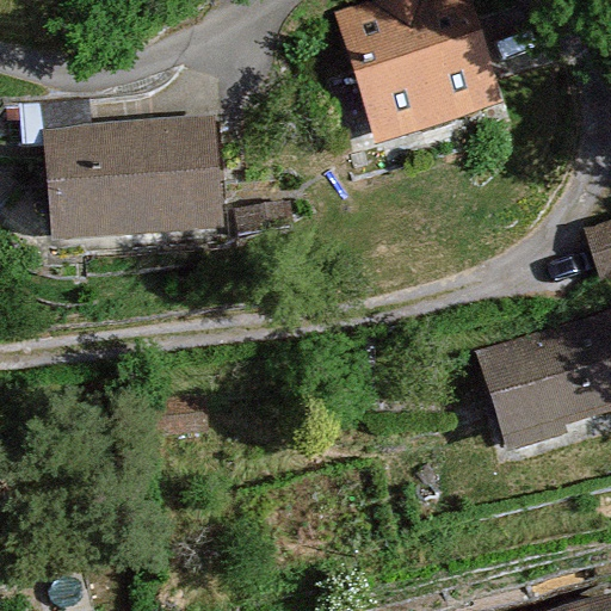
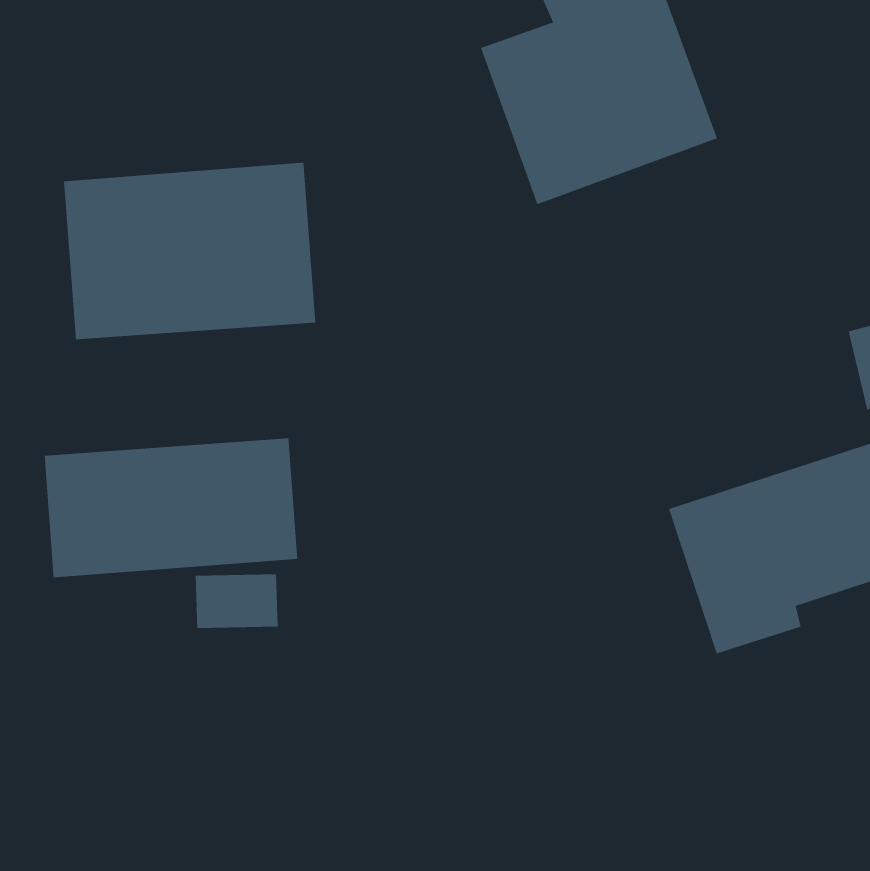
building: none -> [44,438,298,578]

